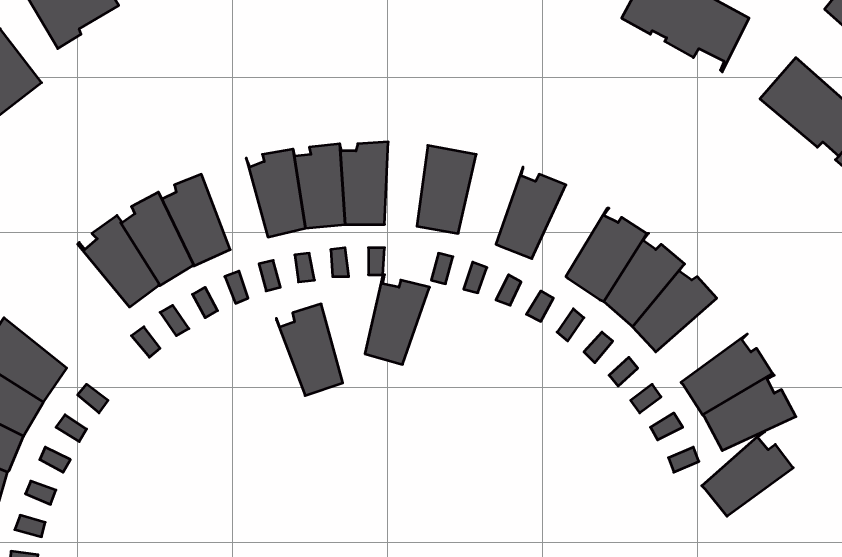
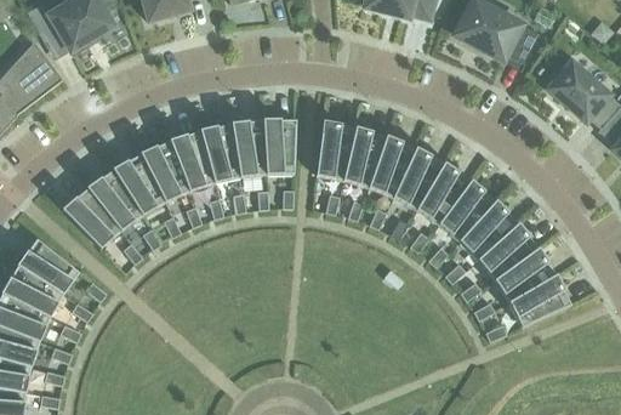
building: none -> [393,147,444,209]
building: none -> [62,187,121,248]
building: [365,275,430,364] -> [343,126,387,187]
building: [276,304,343,396] -> [170,129,215,191]
building: [702,432,793,516] -> [477,223,539,280]

